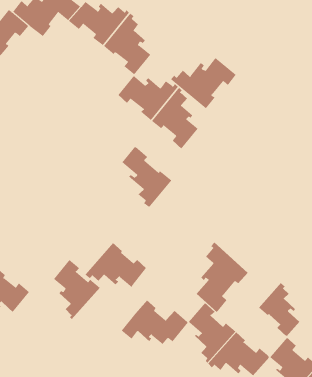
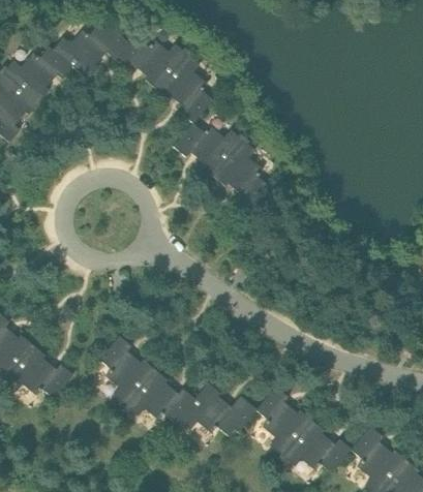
building: [170,57,236,109] -> none
building: [122,146,172,208] -> none
building: [196,242,249,313] -> none
building: [84,242,147,288] -> [121,369,193,422]
building: [258,282,300,337] -> none

